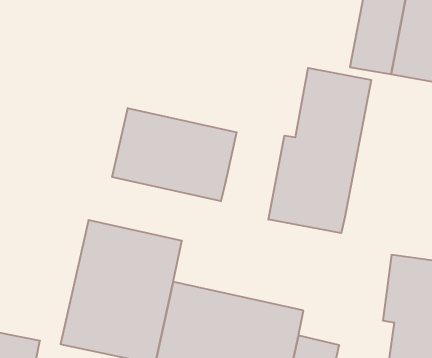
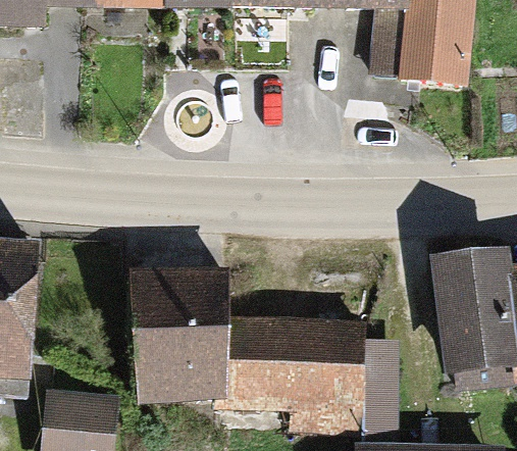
building: [268,68,371,233] -> none
building: [112,108,237,201] -> none

